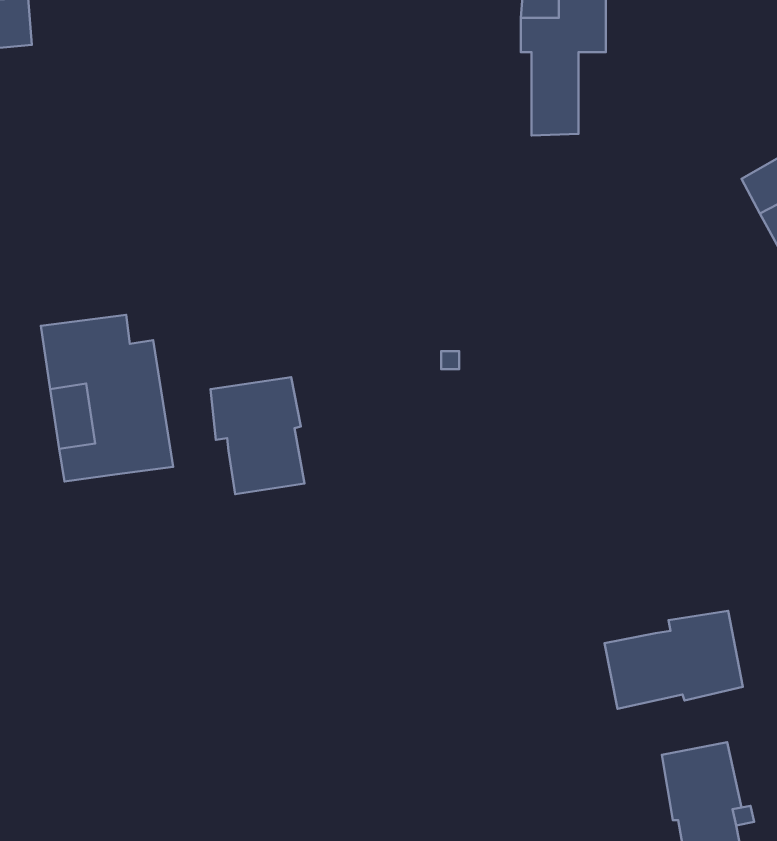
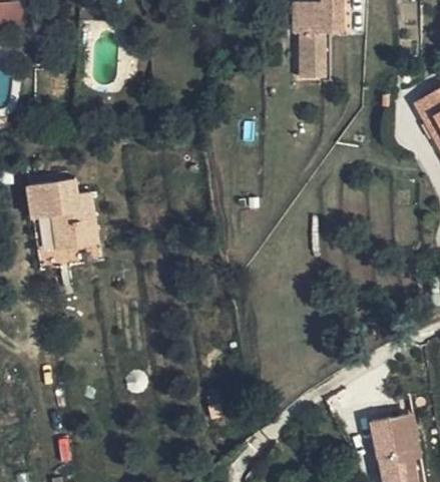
building: [211,377,305,494] -> none
building: [605,611,743,709] -> none

